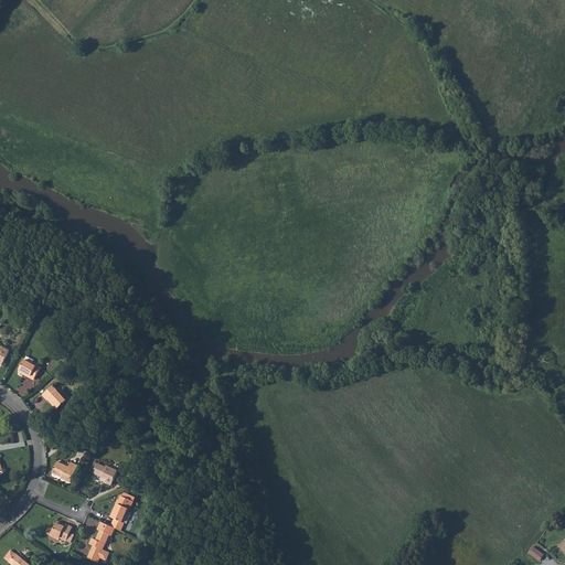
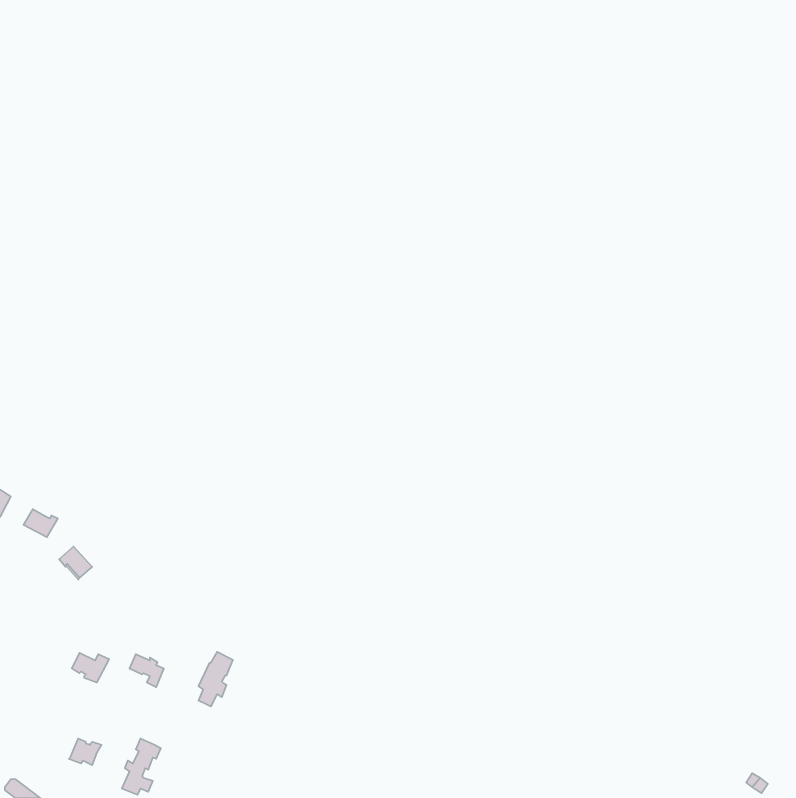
building: [109,492,134,531] -> [199,652,233,707]

